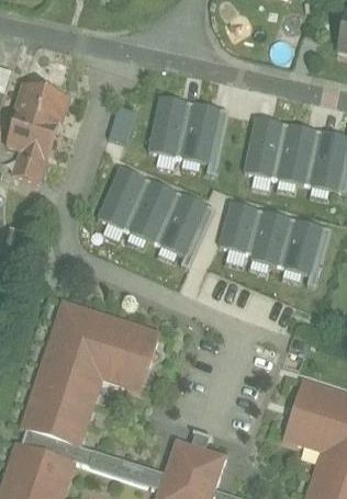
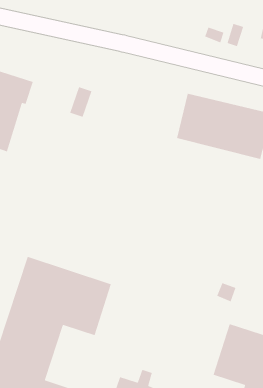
building: [141,92,224,171] -> none
building: [92,163,210,263] -> none
building: [213,199,327,287] -> none

